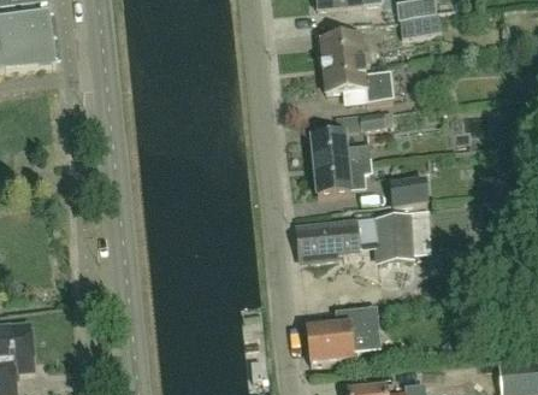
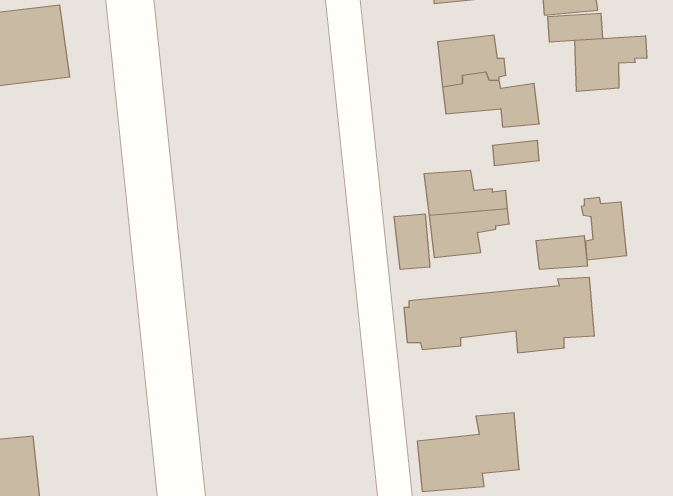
building: none -> [575,36,647,91]
building: none -> [581,197,627,260]
building: none -> [394,214,430,269]

